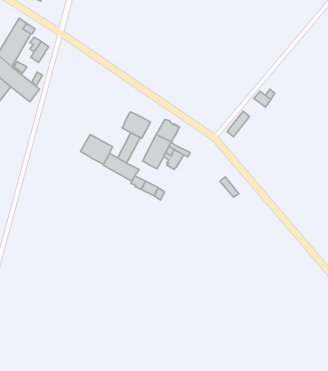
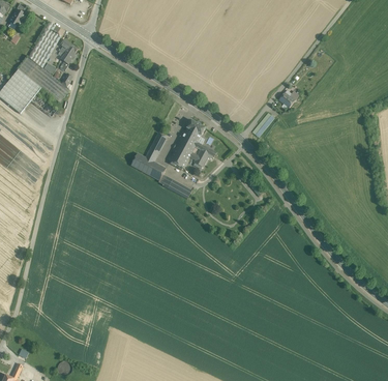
building: [122,112,151,138] -> none
building: [81,135,113,164] -> none

